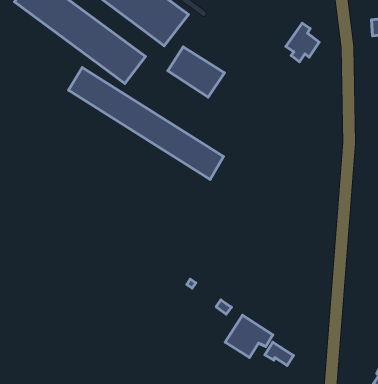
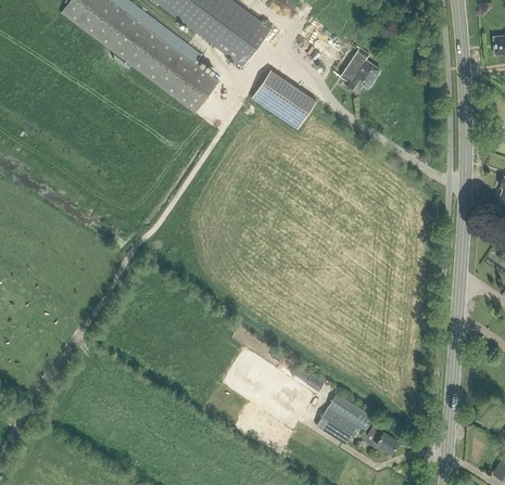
building: [286,23,319,62] -> [341,47,381,93]
building: [69,67,224,179] -> none

